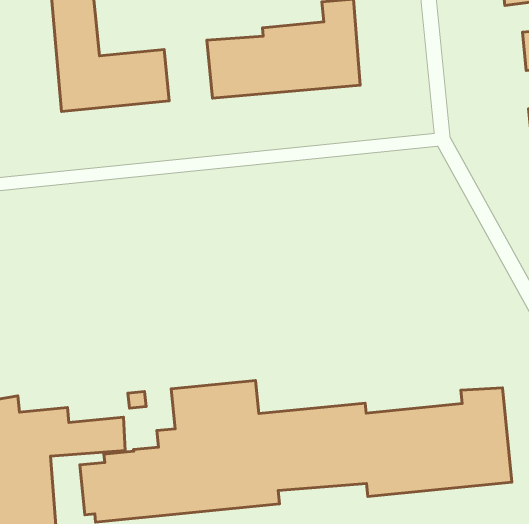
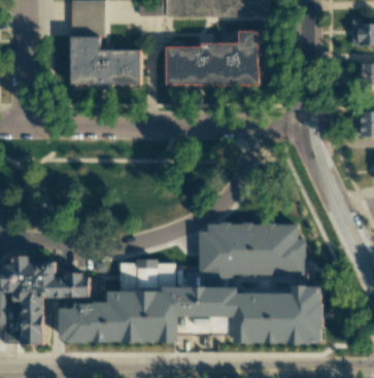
building: none -> [199,220,307,272]

